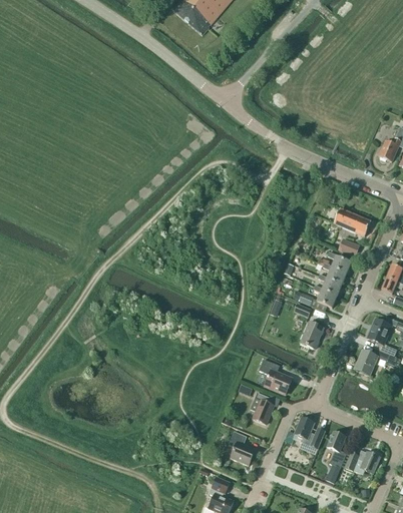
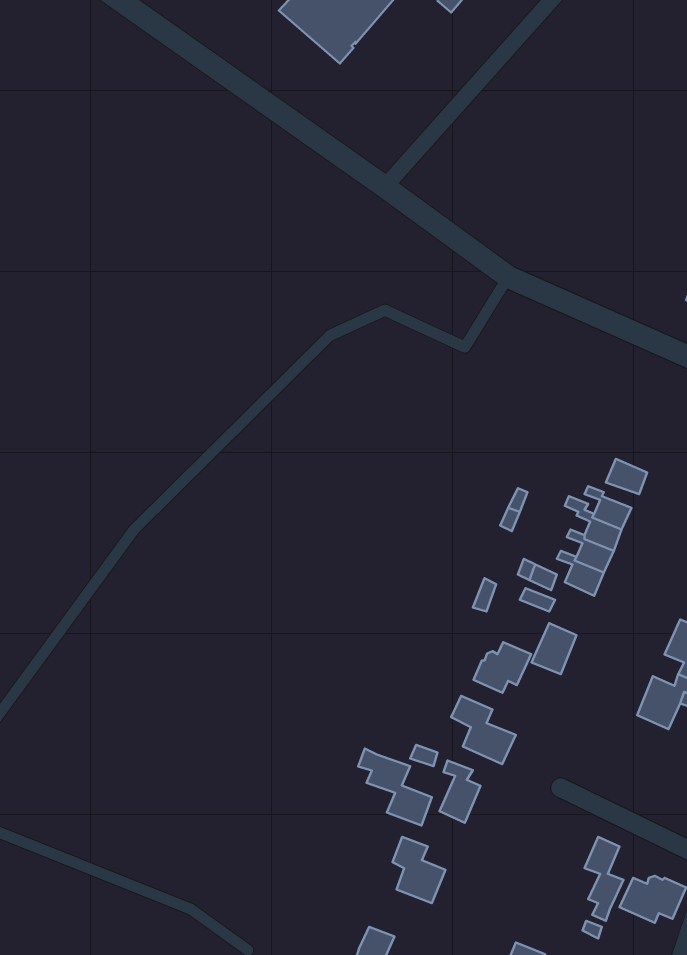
building: [334,208,371,235] -> none
building: none -> [473,642,531,693]
building: none -> [358,749,432,825]
building: [295,417,325,448] -> none

